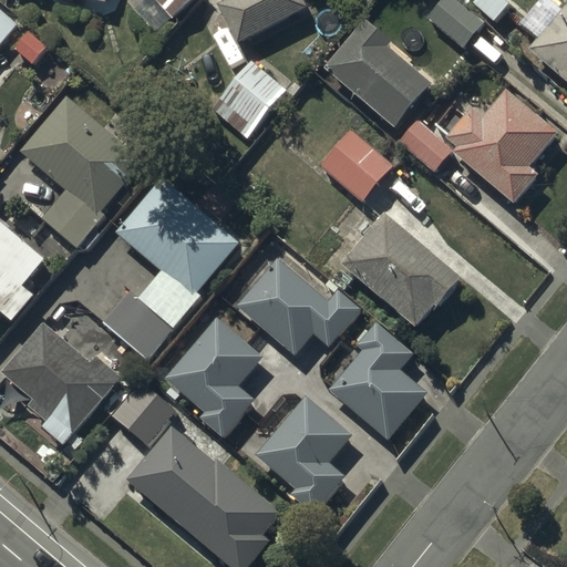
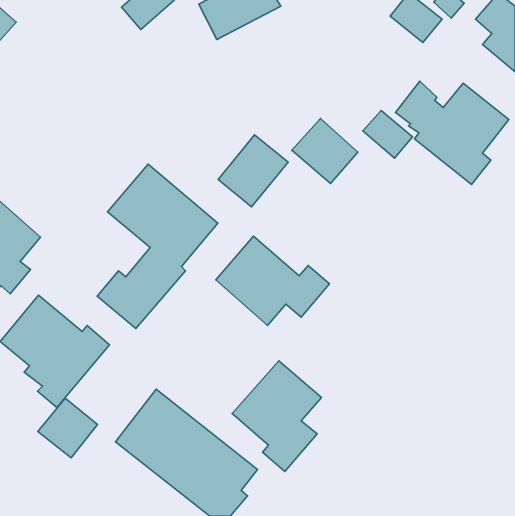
building: [323,20,432,128] -> none
building: [209,60,286,138] -> [218,135,288,207]
building: [20,99,141,251] -> none
building: [341,214,461,327] -> none
building: [164,321,260,437] -> none
building: [327,322,425,440] -> none
building: [109,381,174,446] -> [38,398,98,458]

